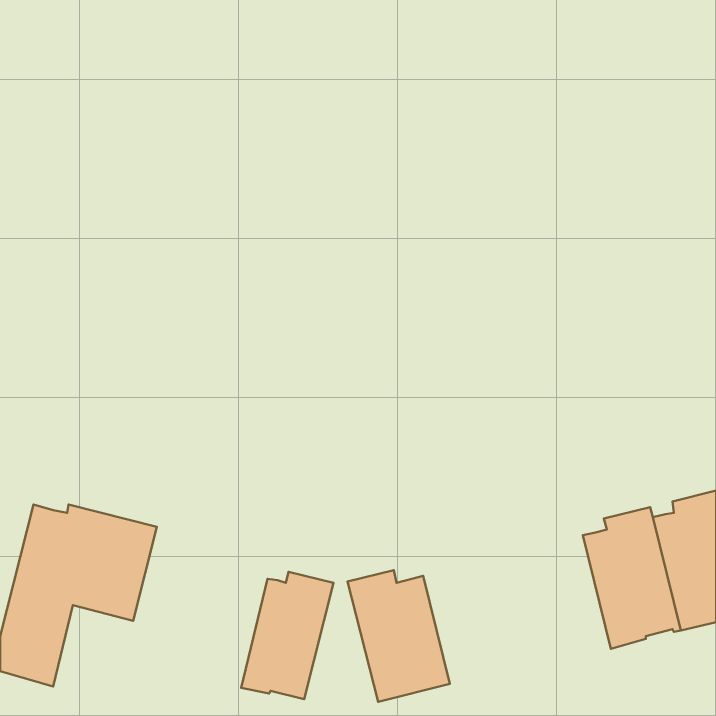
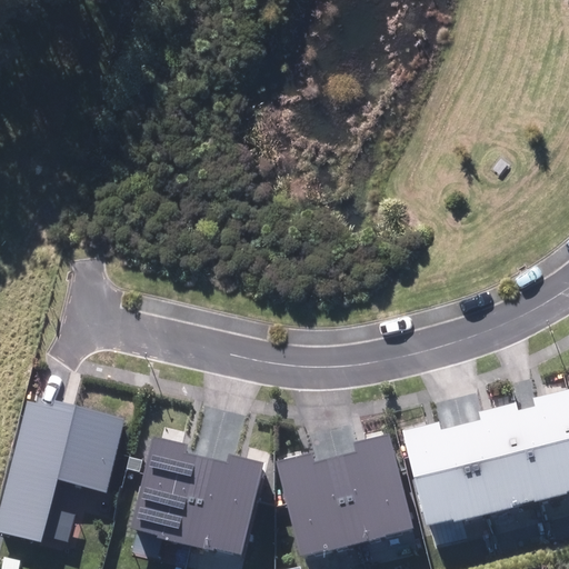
building: none -> [402,421,485,526]
building: none -> [336,435,413,542]
building: none -> [131,436,212,546]

